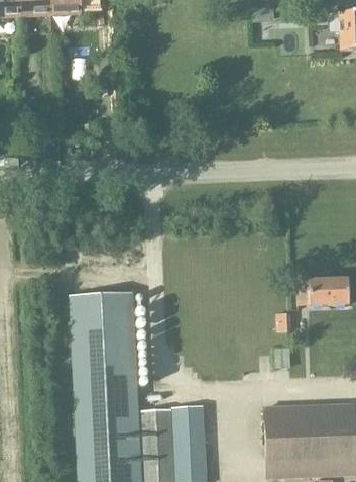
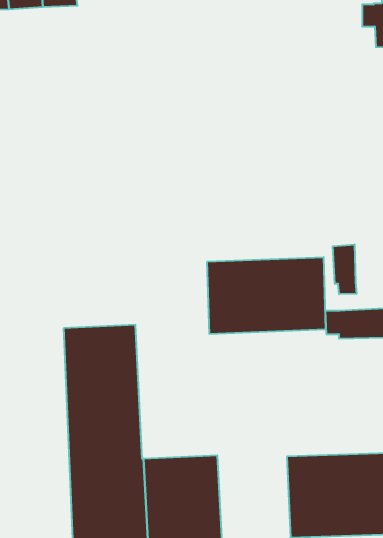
building: none -> [333,244,356,294]
building: none -> [207,257,326,334]

